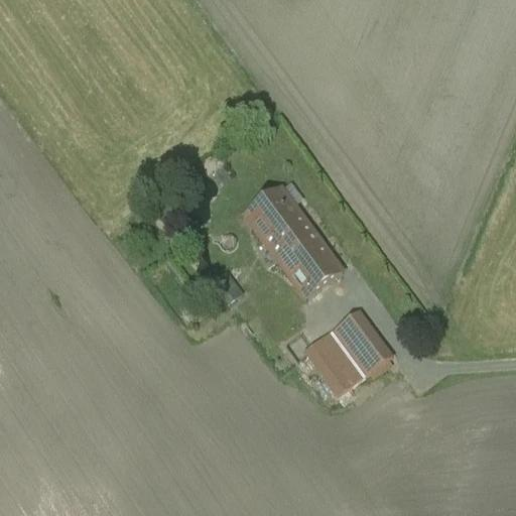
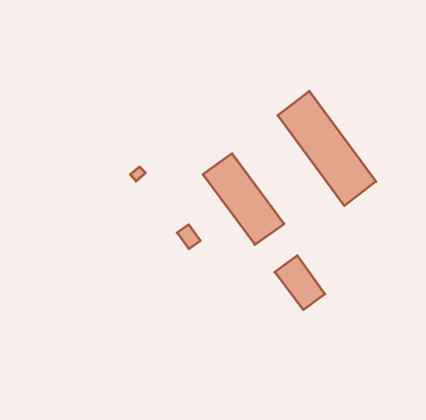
building: none -> [278,91,376,206]
building: [305,329,367,394] -> none

